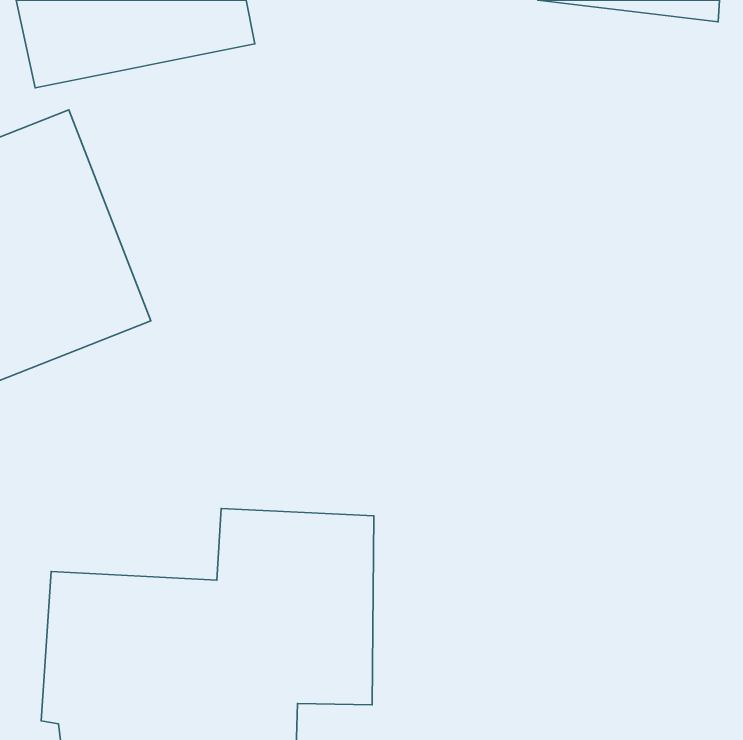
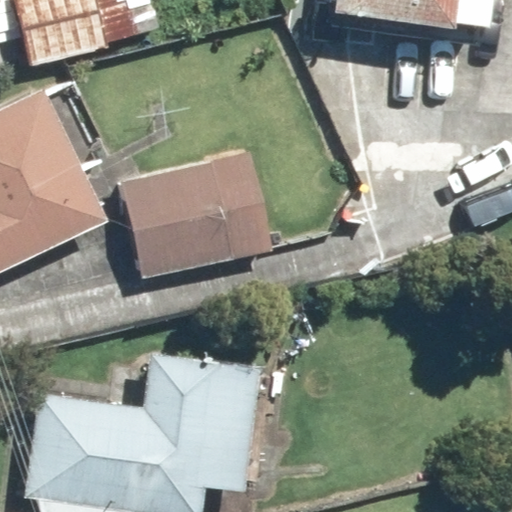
building: none -> [115,158,279,277]

